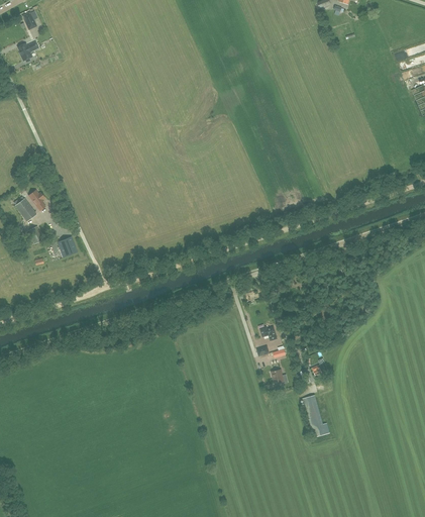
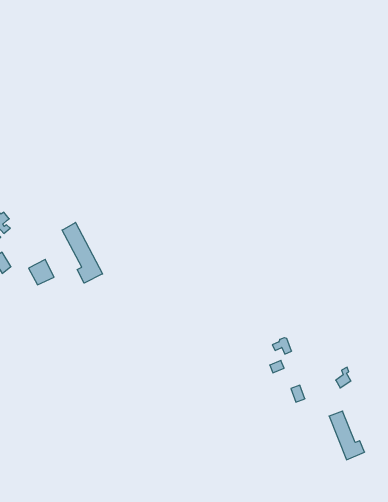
building: none -> [62,222,103,283]

